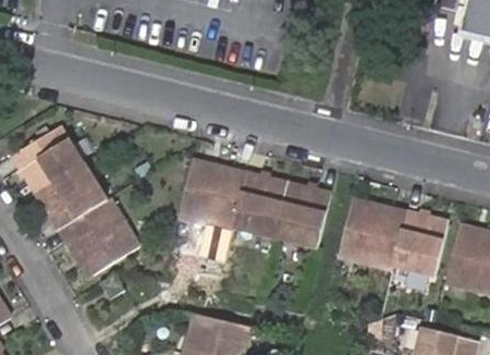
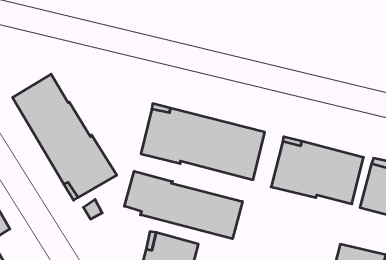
building: none -> [124,171,242,239]

